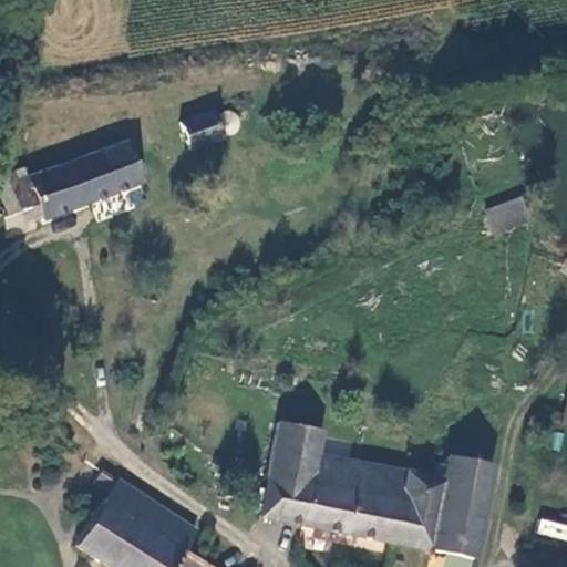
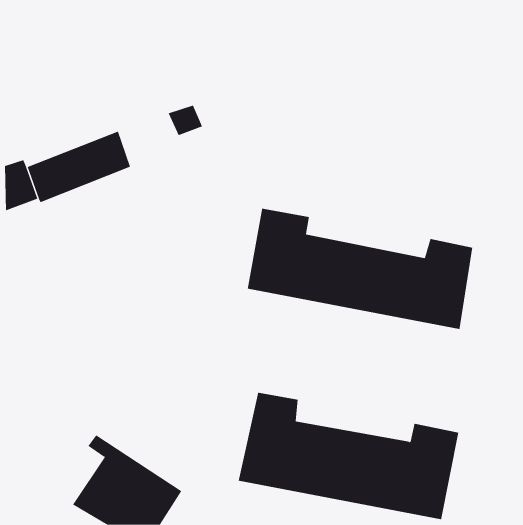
building: [487,196,532,233] -> none
building: none -> [247,208,473,330]

